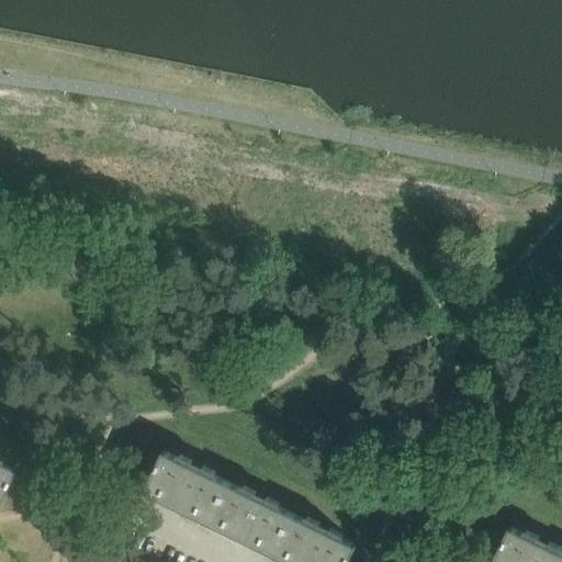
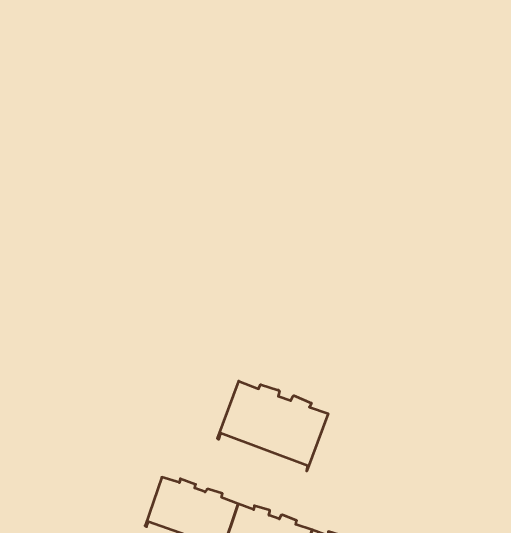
building: none -> [217,381,328,471]

